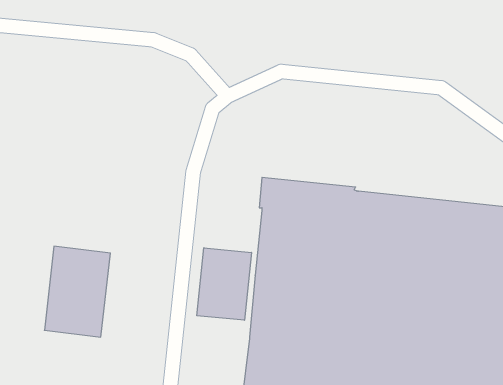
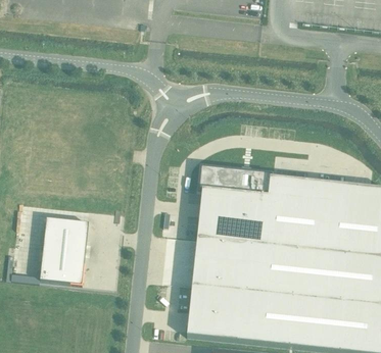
building: [197,248,251,320] -> none

